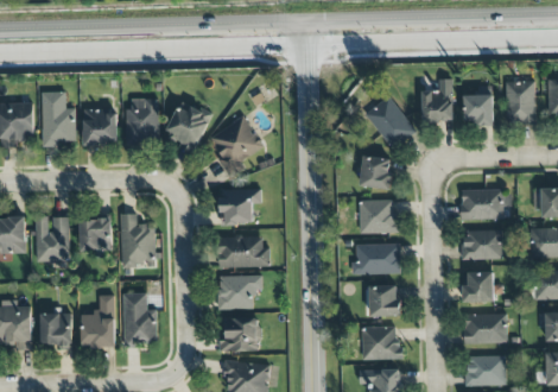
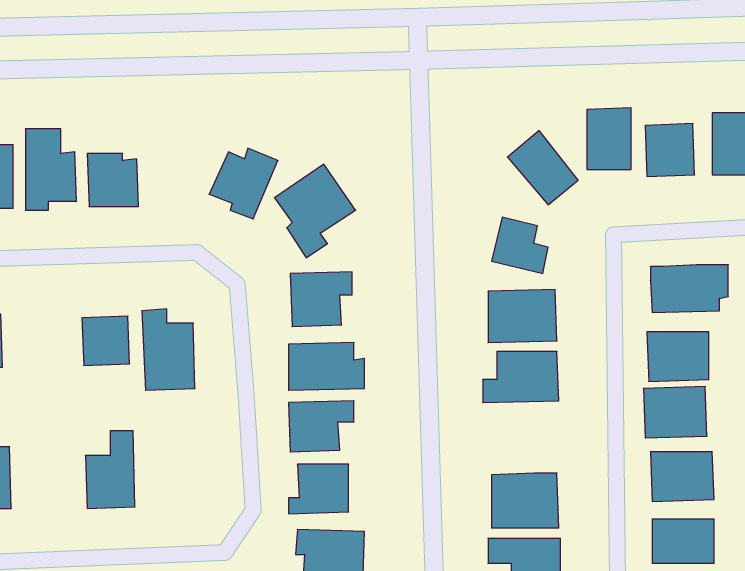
building: [125,99,159,145] -> none
building: [36,216,69,263] -> none
building: [374,280,406,315] -> none
building: [122,293,157,346] -> none
building: [40,314,72,348] -> none

